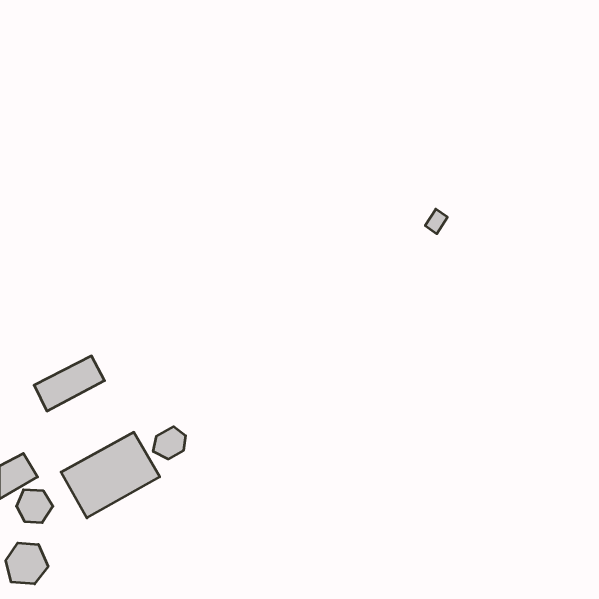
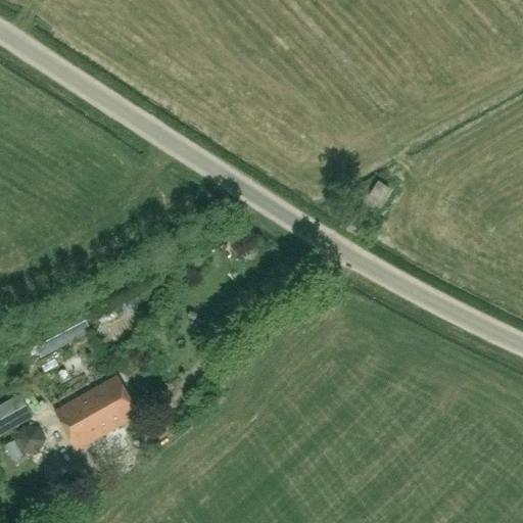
building: [153,427,186,459] -> none
building: [6,543,48,584] -> none

